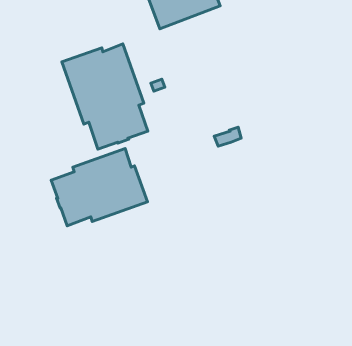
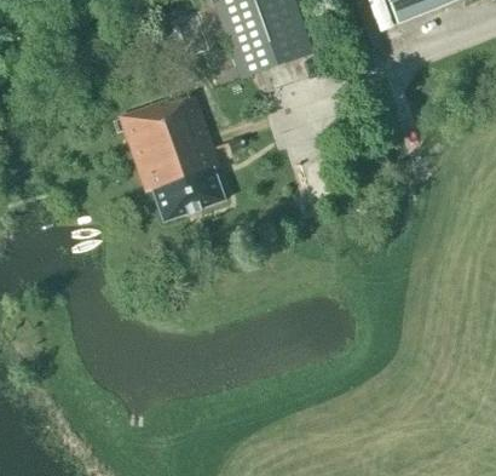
building: [51,149,147,226] -> none

